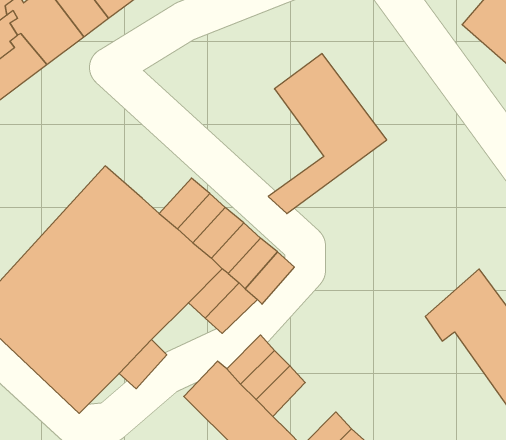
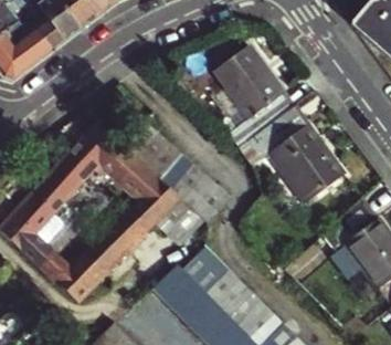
building: none -> [225,105,346,200]

